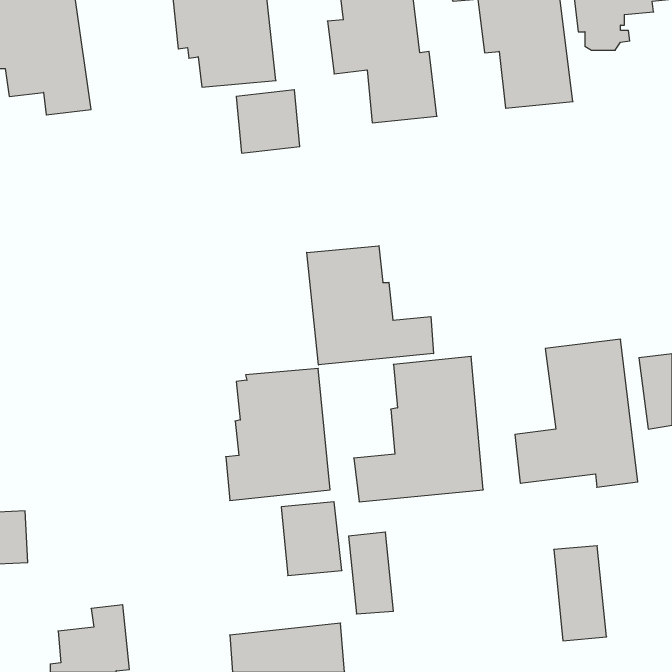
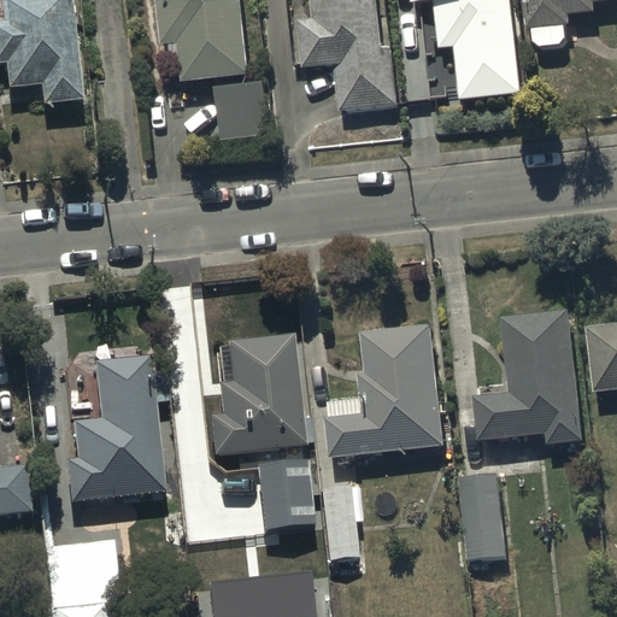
building: [307,246,433,365] -> none
building: none -> [61,360,161,504]
building: [554,546,607,641] -> [454,472,503,559]

